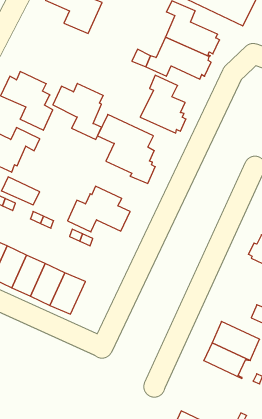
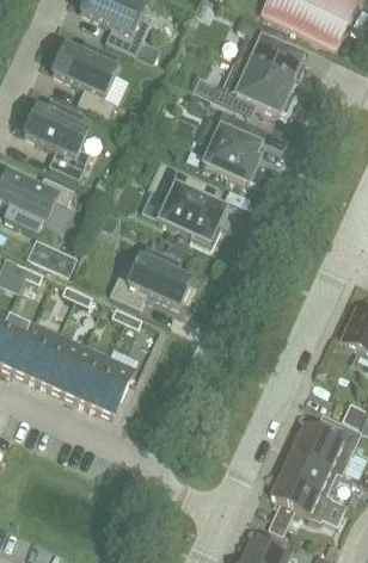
building: [53,83,103,139] -> [51,45,116,117]
building: none -> [269,474,332,536]

